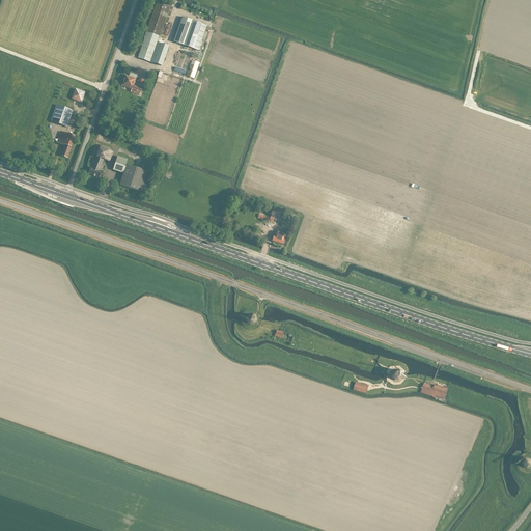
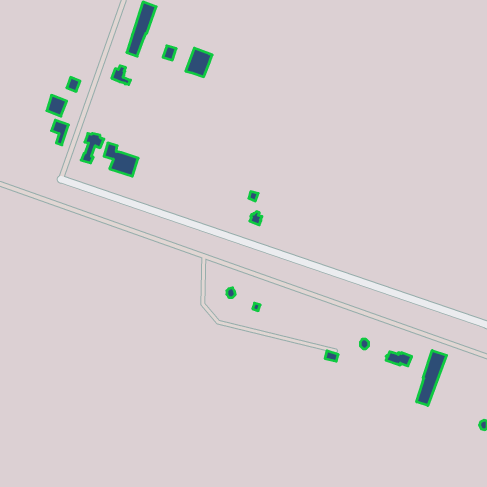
building: [173,17,202,48] -> [186,48,212,77]
building: none -> [417,350,447,406]

